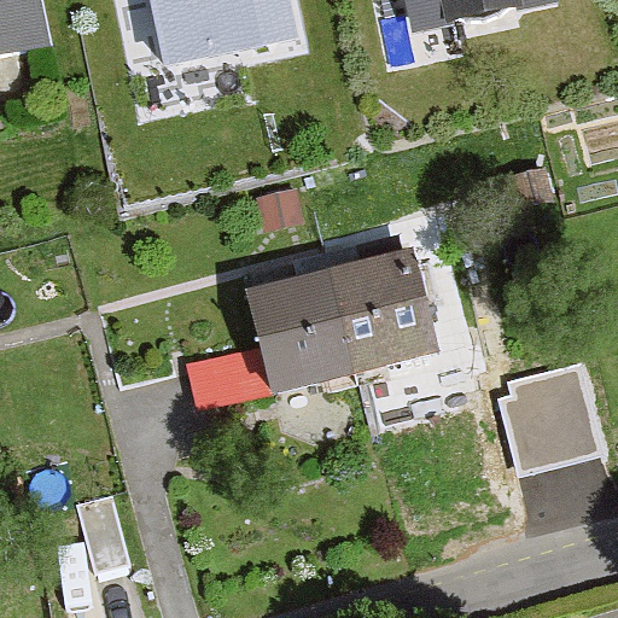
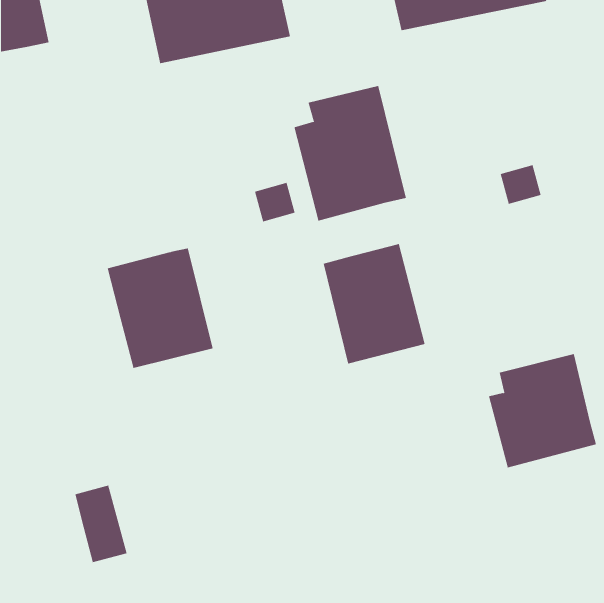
building: none -> [294,85,406,221]
building: [246,269,355,392] -> [107,248,213,369]

